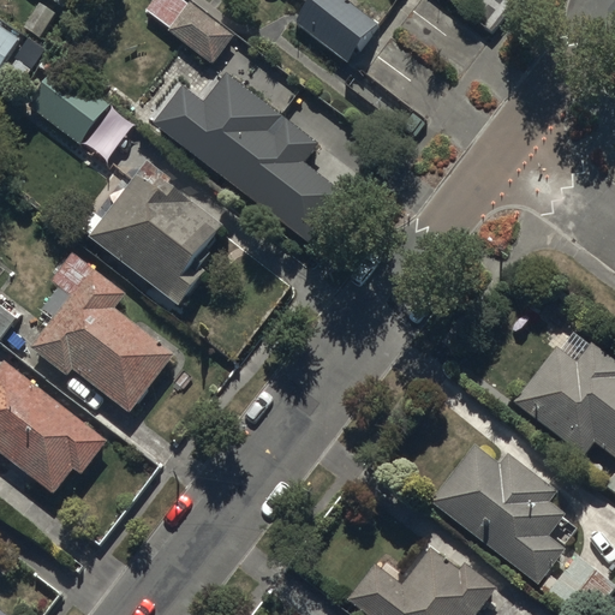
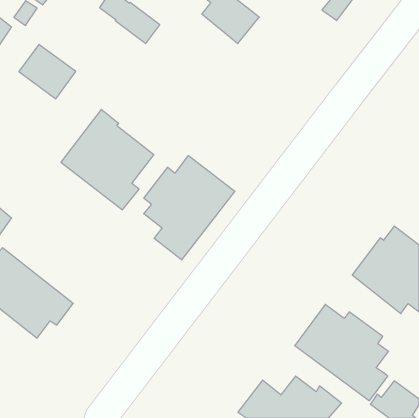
building: [147,71,345,239] -> none
building: none -> [144,156,235,260]
building: [30,253,175,413] -> none

